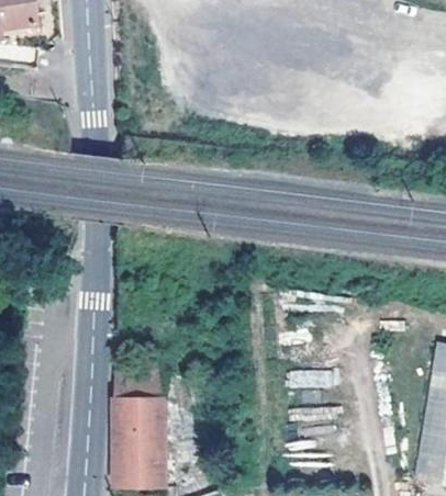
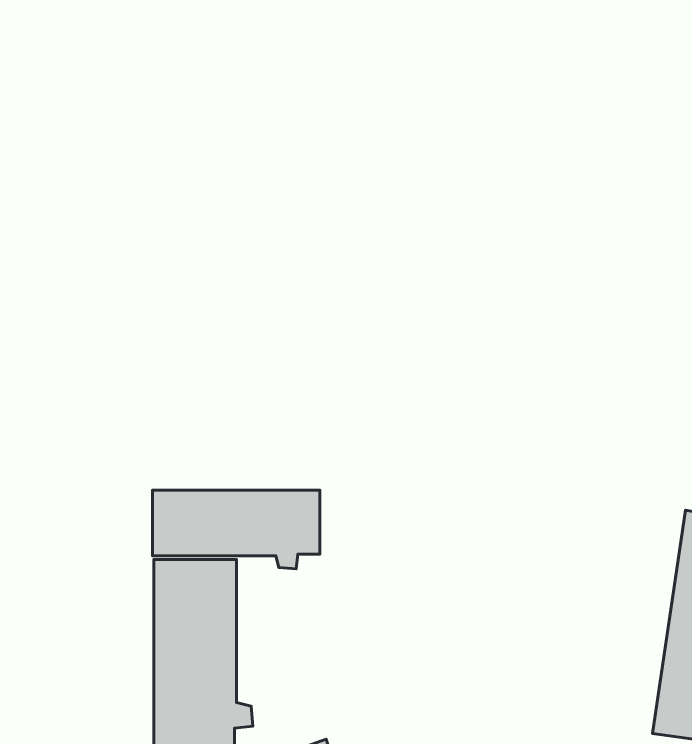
building: none -> [153,490,320,569]

